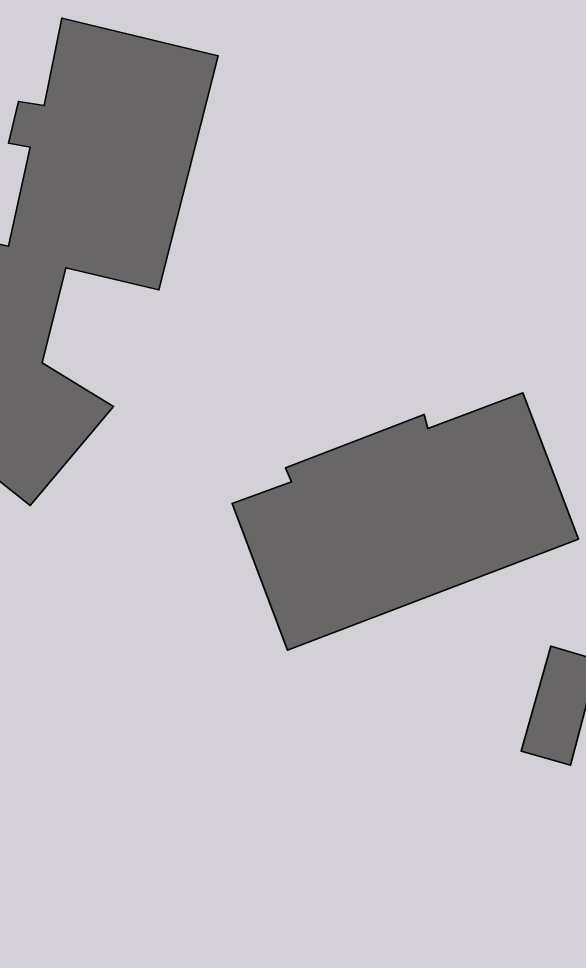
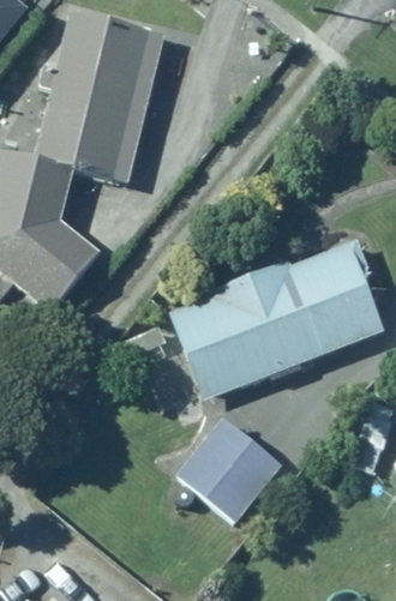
building: none -> [176,420,278,521]

